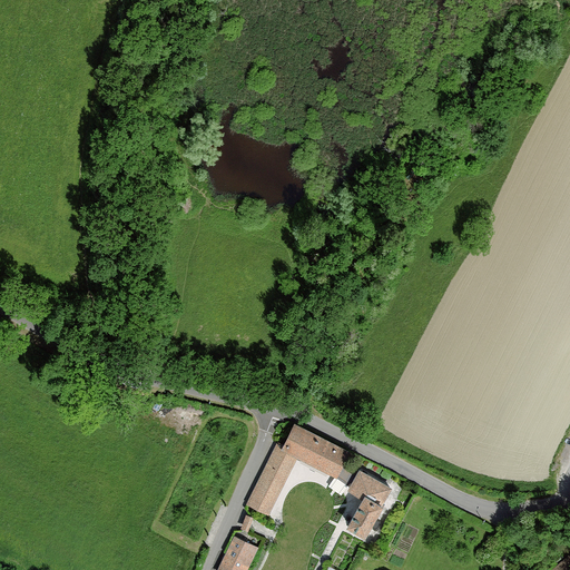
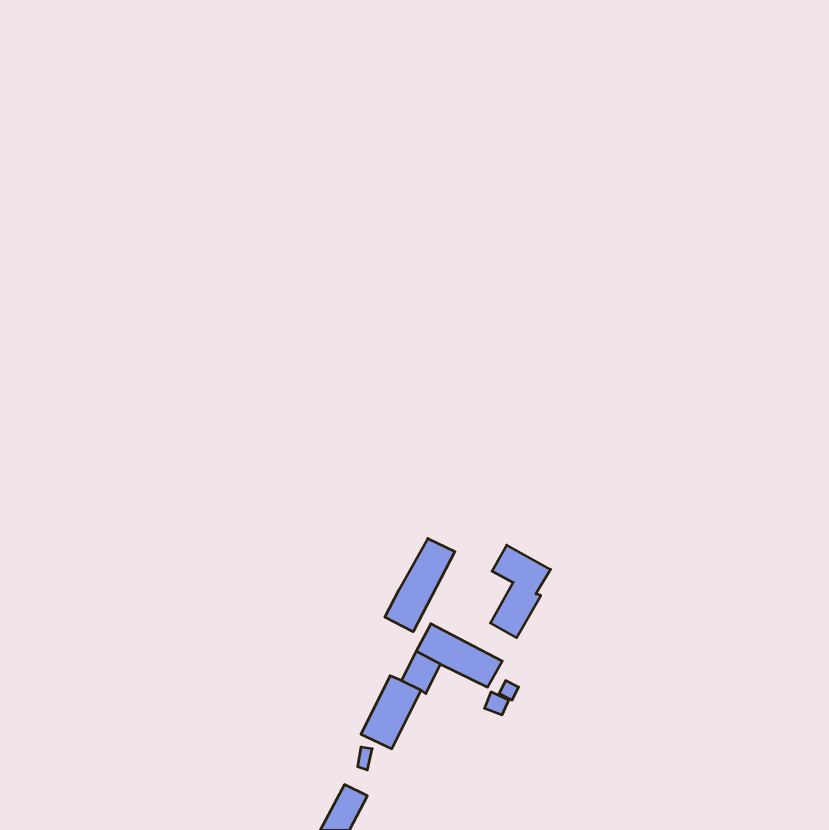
building: none -> [385,538,455,632]
building: [348,471,390,534] -> [490,545,551,638]

